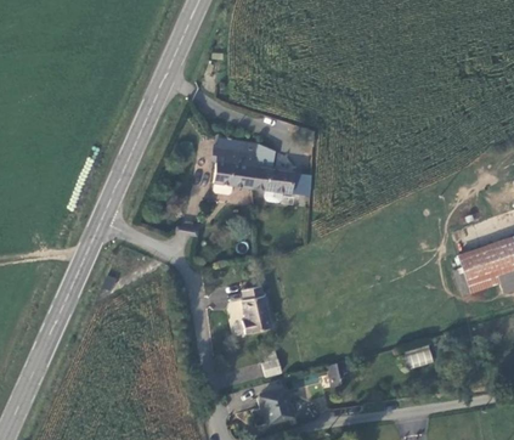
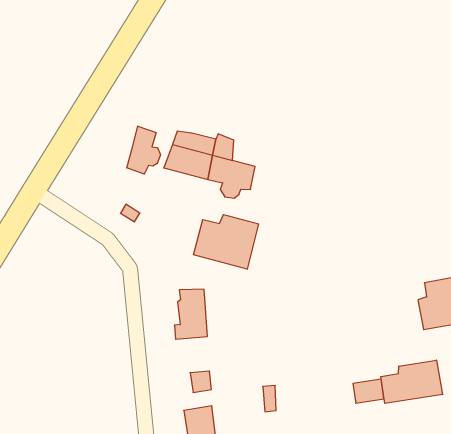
building: none -> [127,126,161,174]
building: none -> [193,215,259,269]
building: none -> [381,360,443,403]

